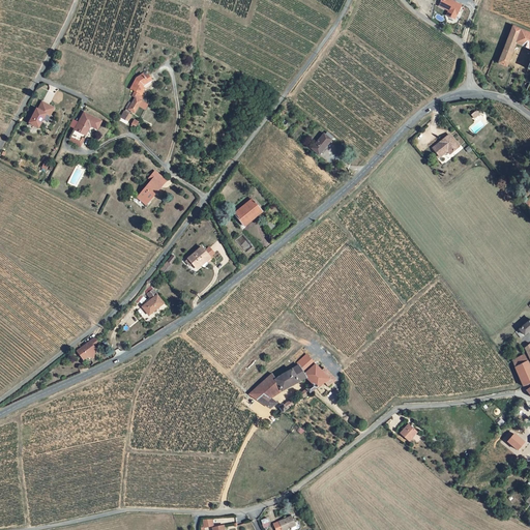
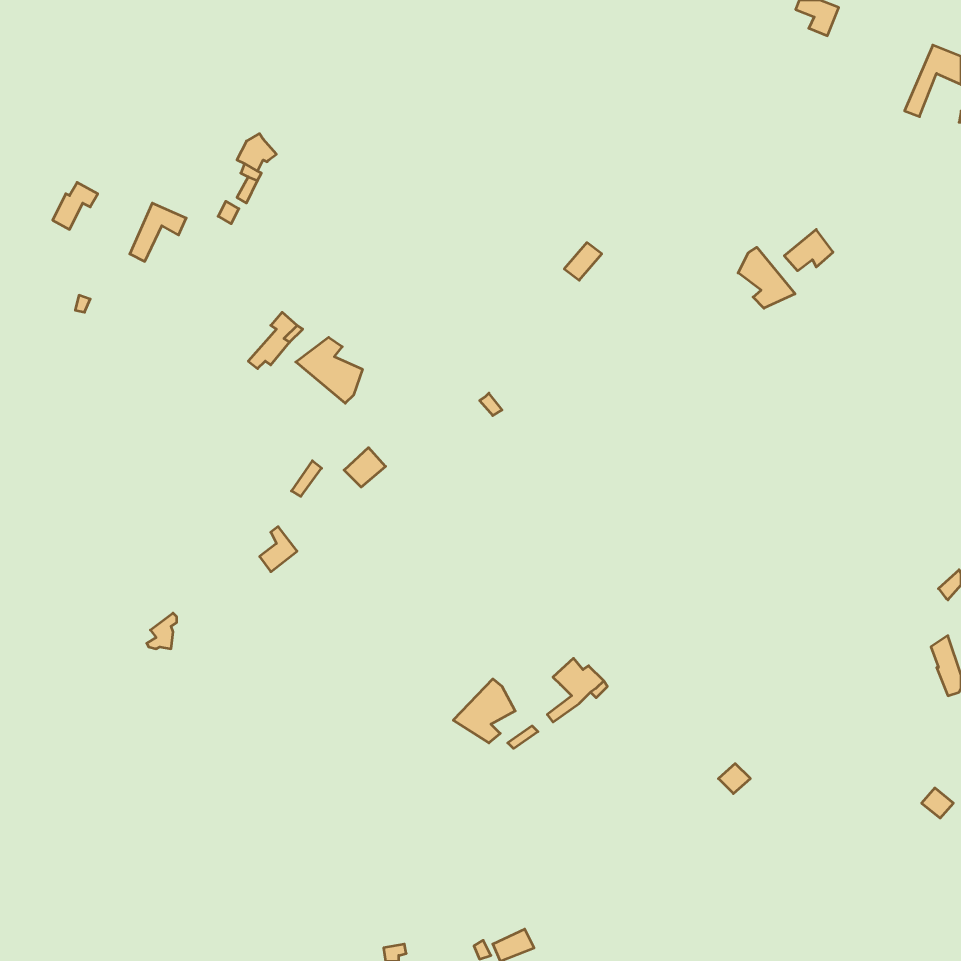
building: none -> [738,247,795,308]
building: none -> [296,337,362,403]
building: [232,199,262,226] -> none
building: [276,366,308,391] -> none

